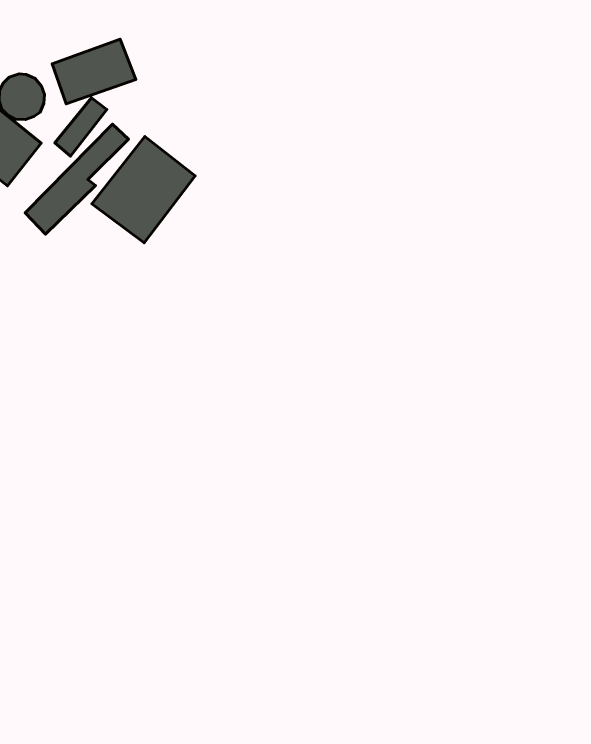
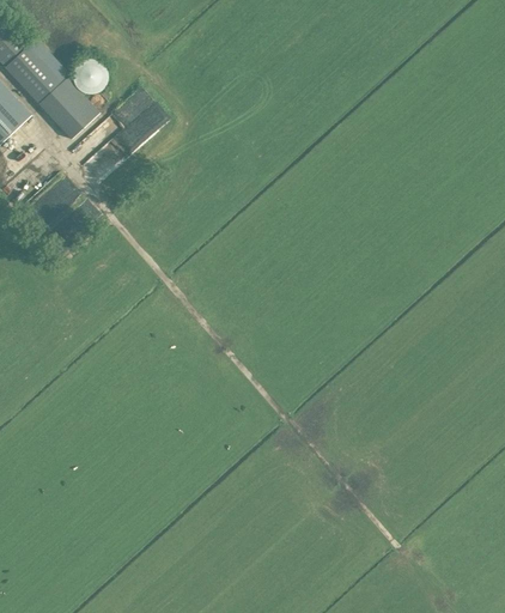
building: [52,39,136,104] -> none
building: [92,137,195,243] -> none

